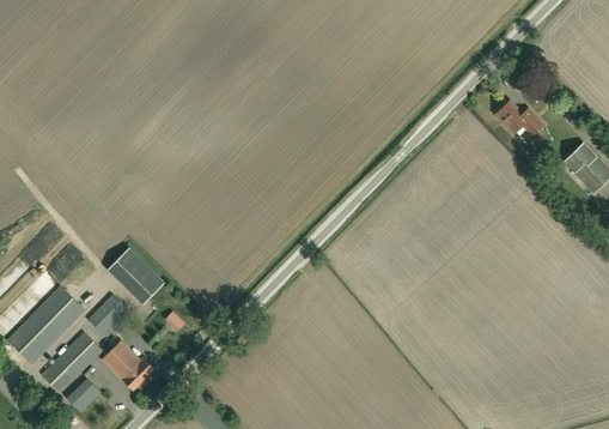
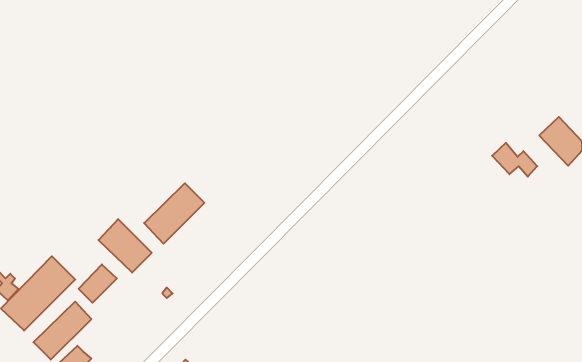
building: [495,101,542,135] -> [492,143,537,177]
building: none -> [144,183,204,244]
building: [103,342,153,389] -> none

